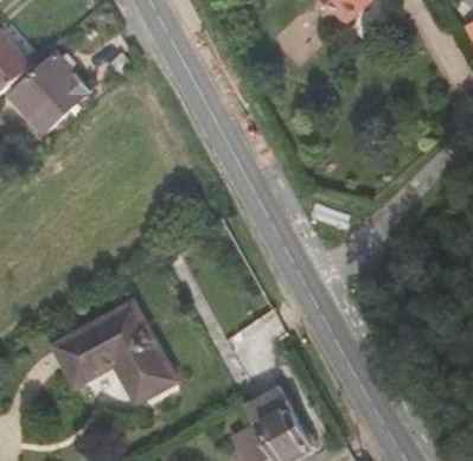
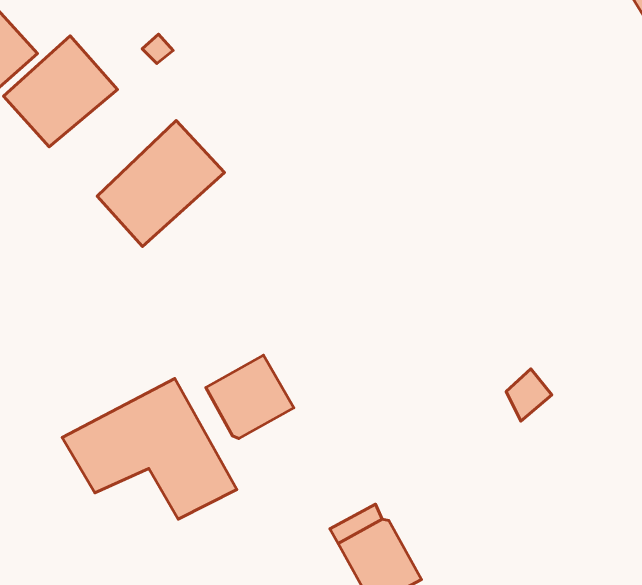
building: none -> [97,121,224,246]
building: none -> [206,355,294,438]

